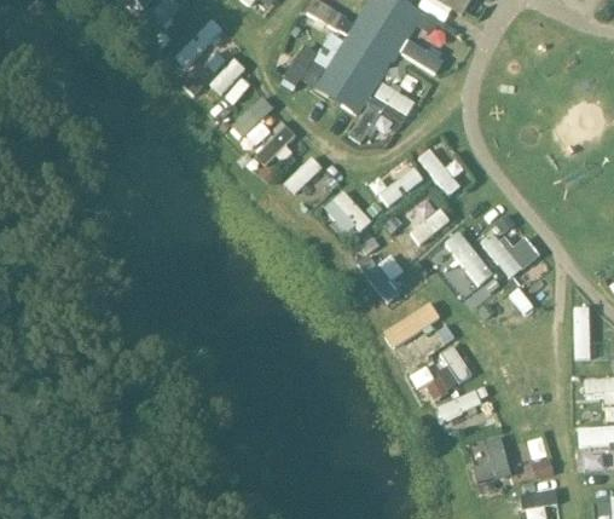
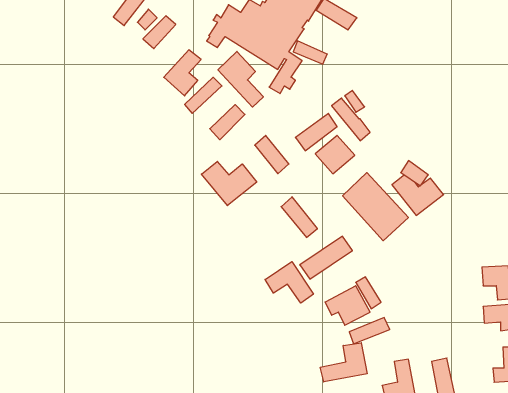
building: none -> [218,51,263,107]
building: none -> [201,161,257,206]
building: none -> [265,262,313,303]
building: none -> [320,343,367,382]

